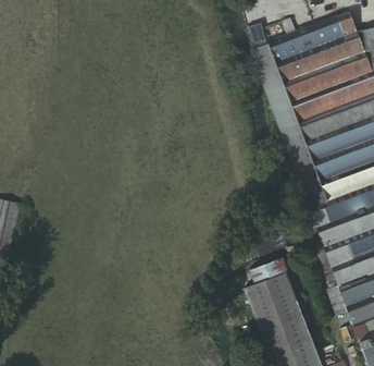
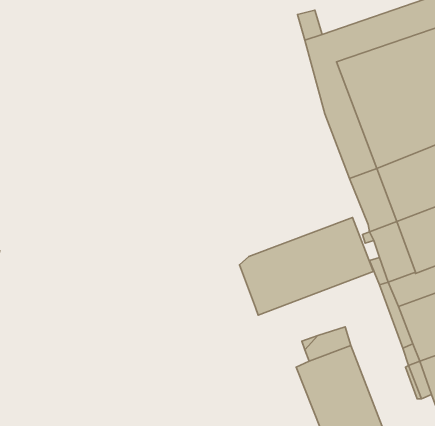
building: none -> [240,217,374,315]

